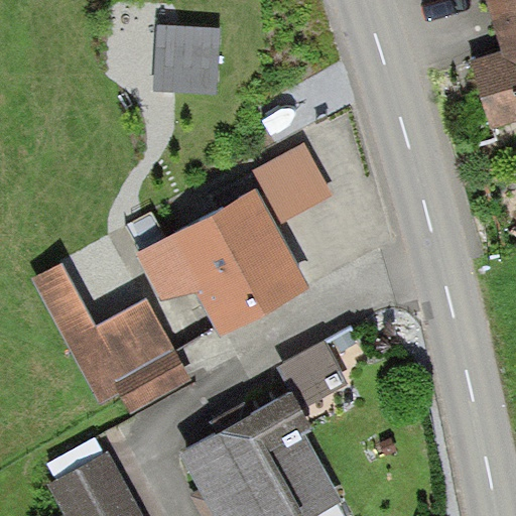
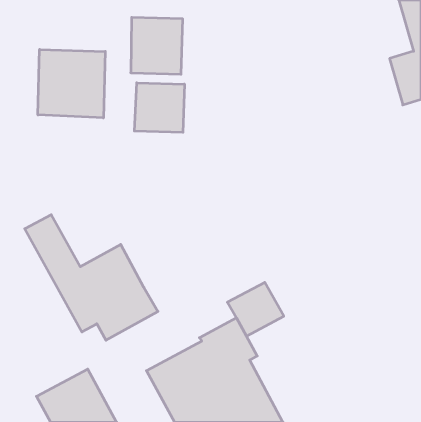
building: none -> [38,49,105,118]
building: none -> [134,83,184,132]
building: [135,146,330,337] -> none

